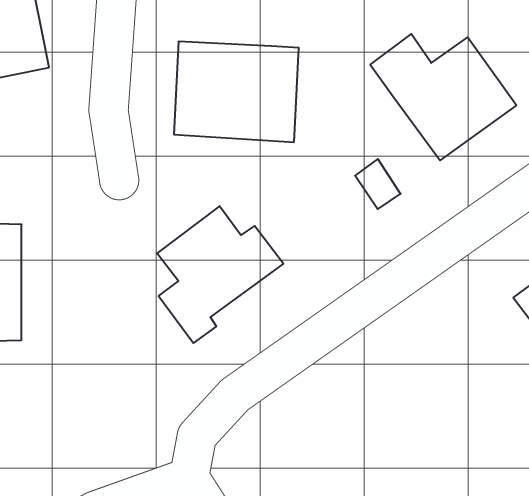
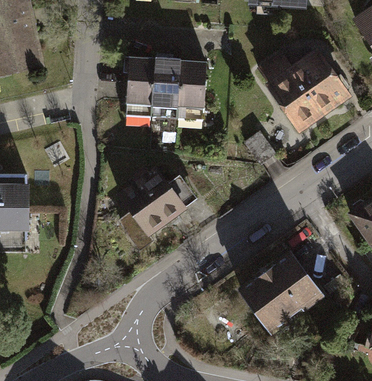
building: none -> [240,257,324,337]

